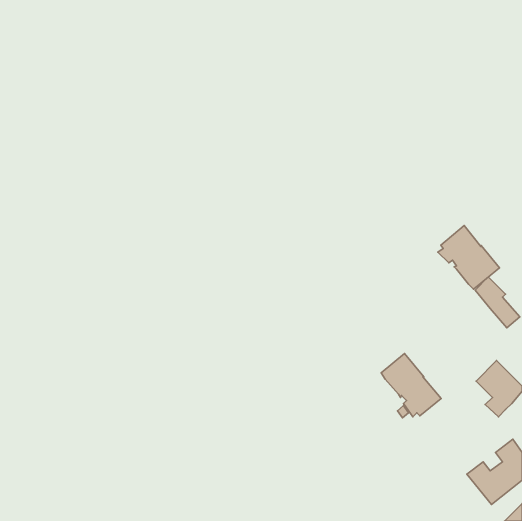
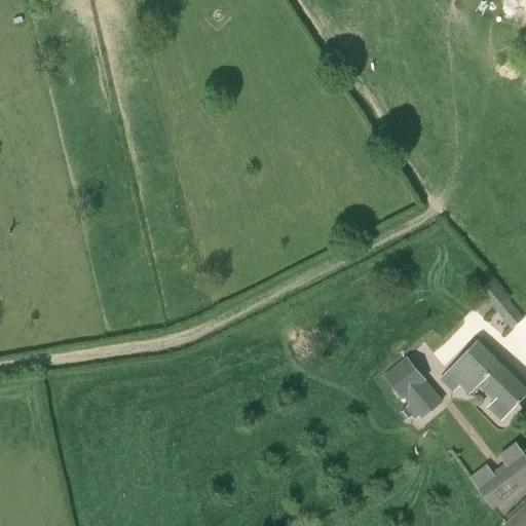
building: [438,225,499,289] -> none
building: none -> [440,340,499,392]

